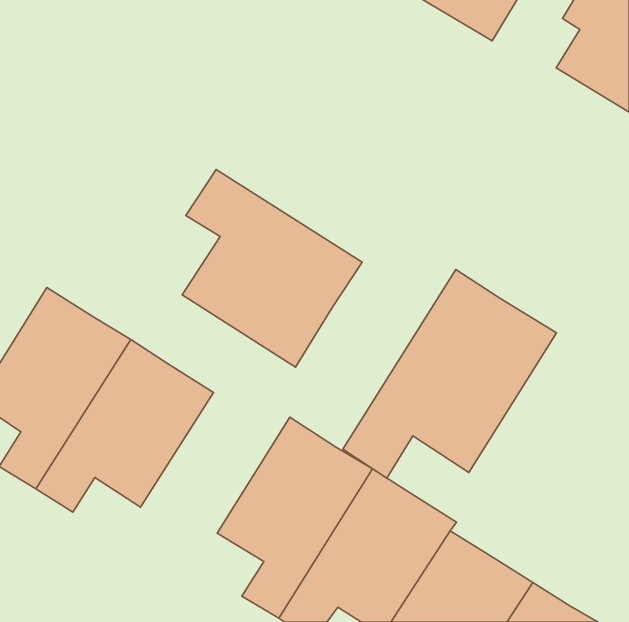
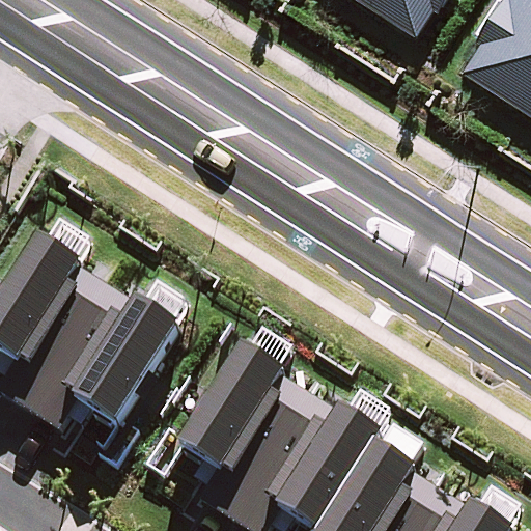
building: [182,169,362,367] -> none
building: [343,269,556,478] -> none

